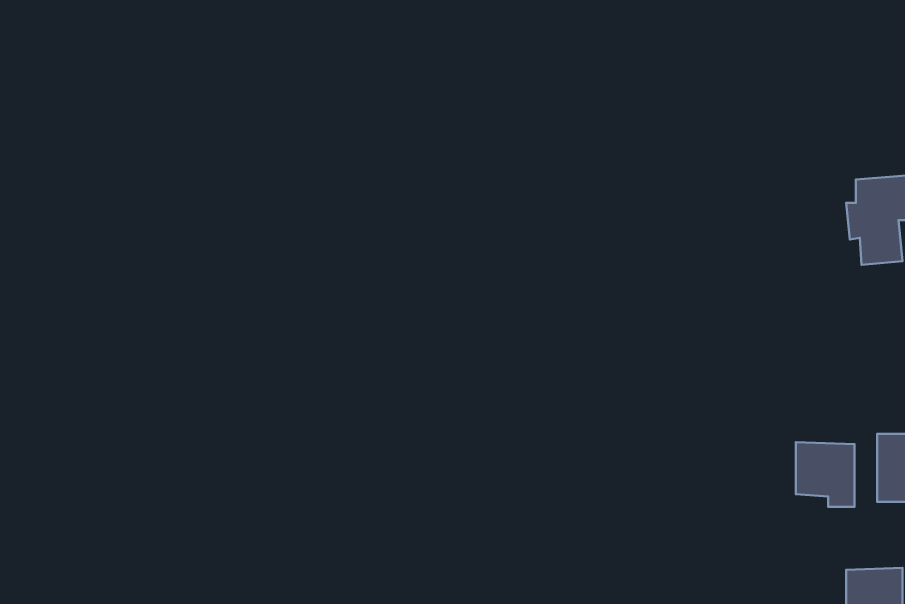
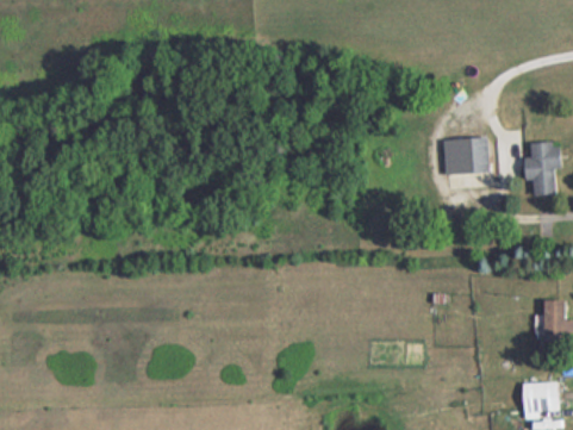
building: none -> [442,138,487,175]
building: [796,442,855,507] -> none

